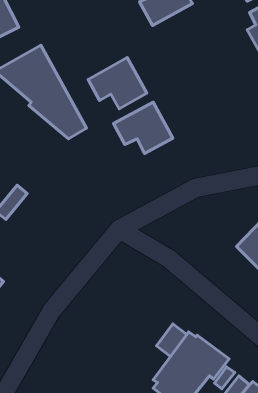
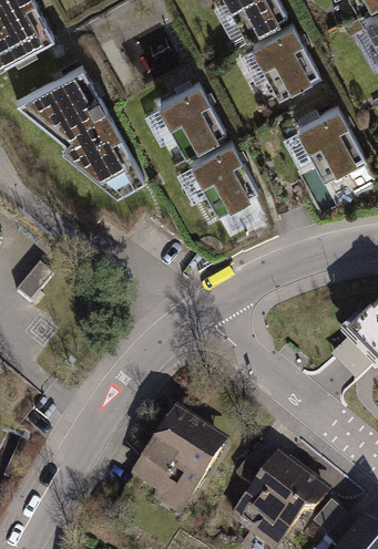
building: none -> [237,24,318,94]
building: none -> [284,106,364,176]
building: none -> [131,411,228,521]

